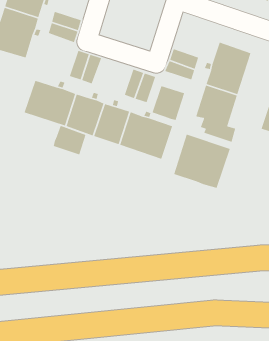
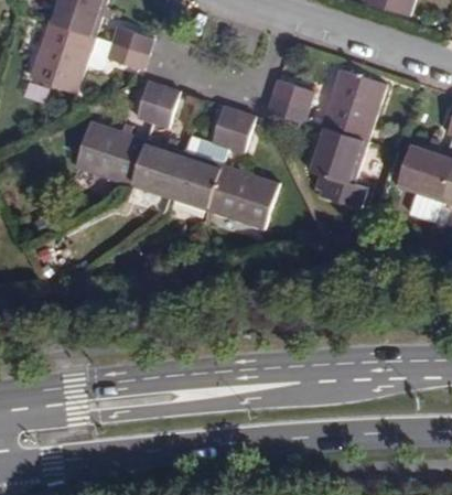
building: [151,85,185,121] -> none
building: [53,125,87,156] -> none
building: [173,133,231,189] -> none

